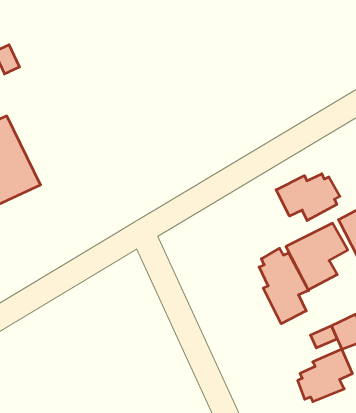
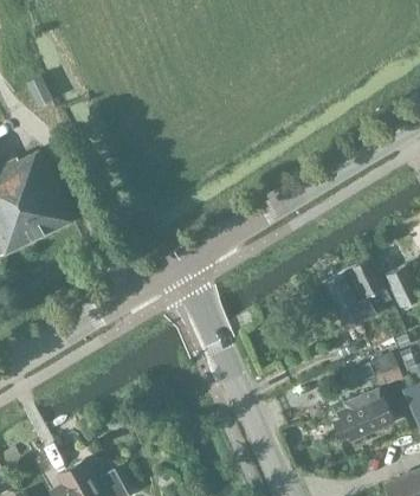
building: [276,174,340,221] -> none
building: [259,248,309,324] -> none

